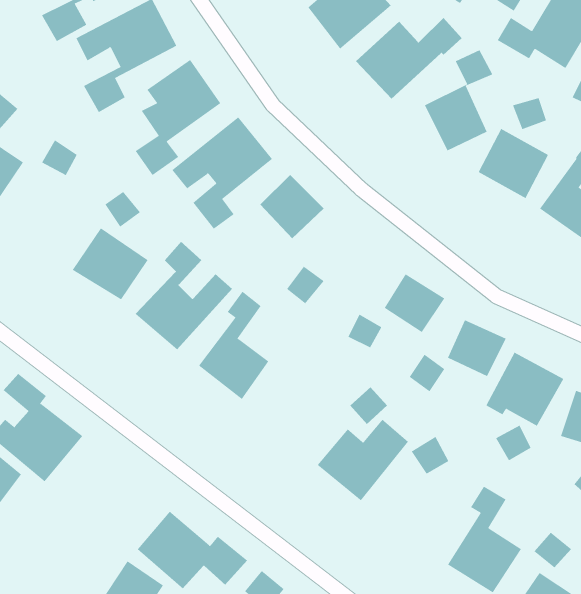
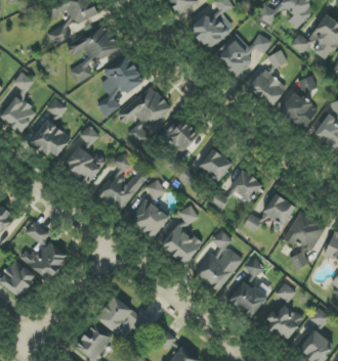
building: none -> [32,120,71,159]
building: none -> [199,148,231,180]
building: none -> [161,206,202,265]
building: none -> [228,280,266,317]

